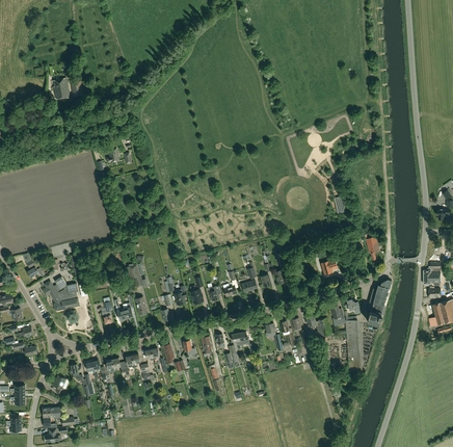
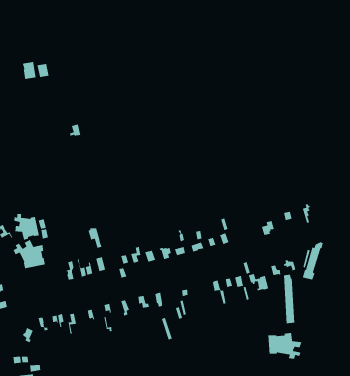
building: none -> [13,213,40,241]
building: none -> [268,332,302,360]

